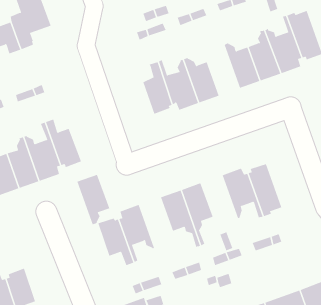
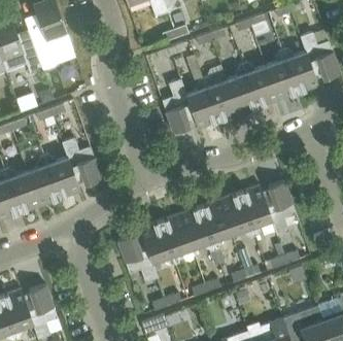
building: none -> [226,64,258,114]
building: [77,174,110,225] -> [159,214,192,265]
building: none -> [219,193,255,238]

